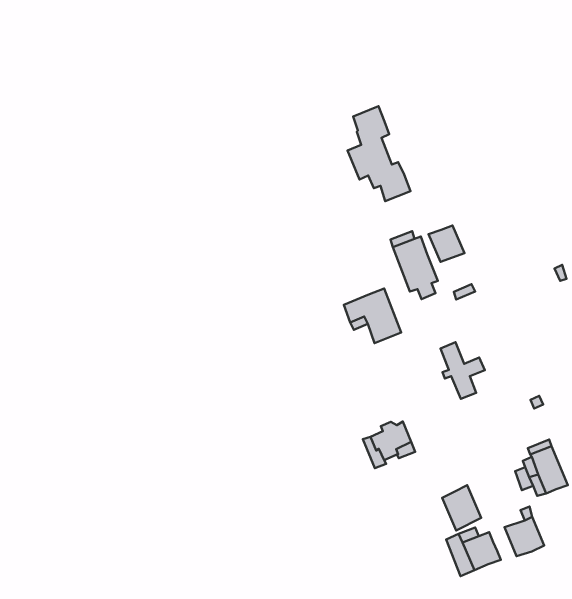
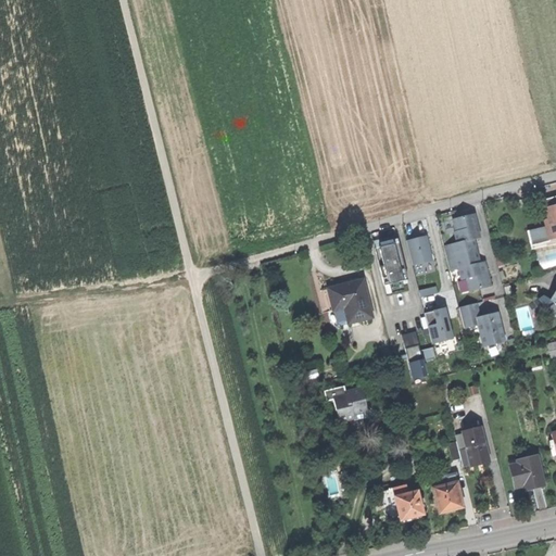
building: [347,106,410,201] -> [444,213,491,291]
building: none -> [459,302,504,345]
building: none -> [425,307,453,343]
building: [442,485,481,530] -> none

